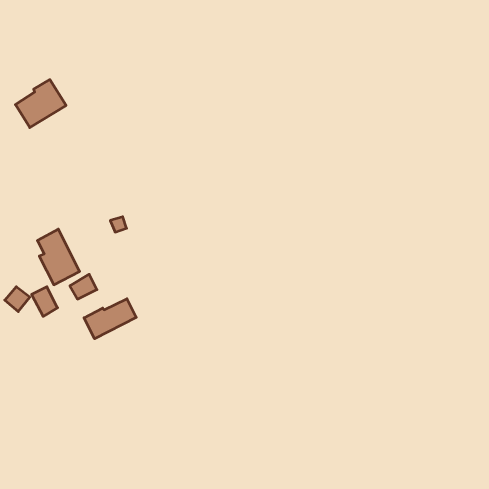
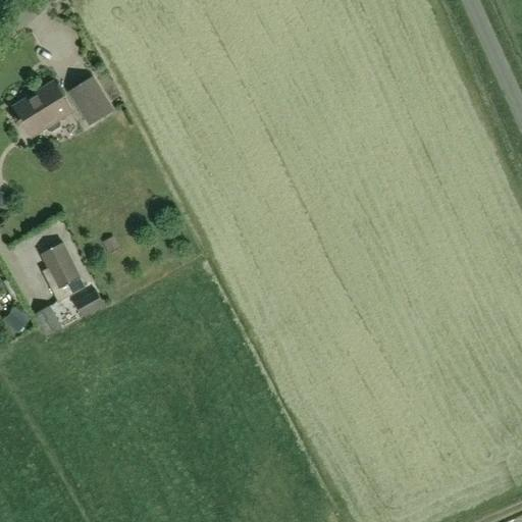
building: none -> [66,75,114,126]
building: [84,299,136,339] -> none

